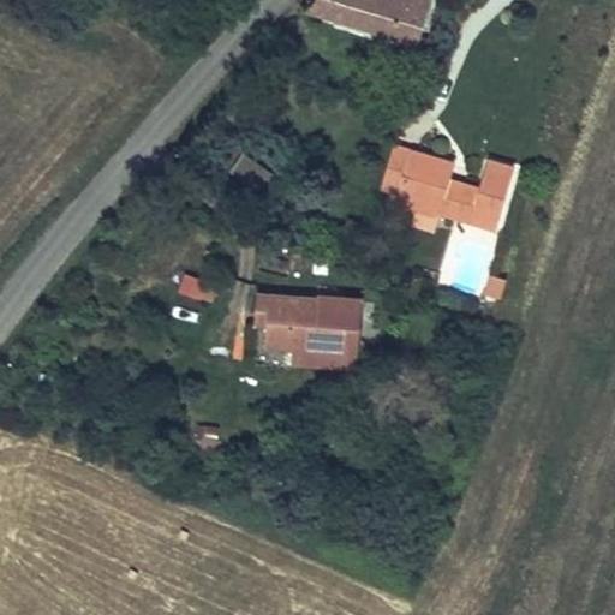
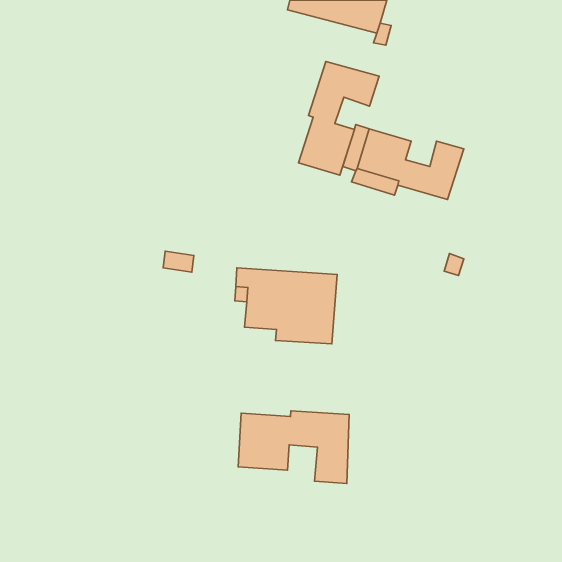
building: none -> [299,61,379,175]
building: none -> [238,411,349,483]

